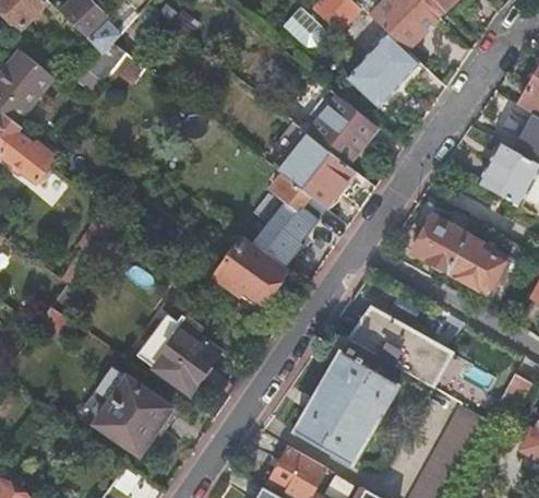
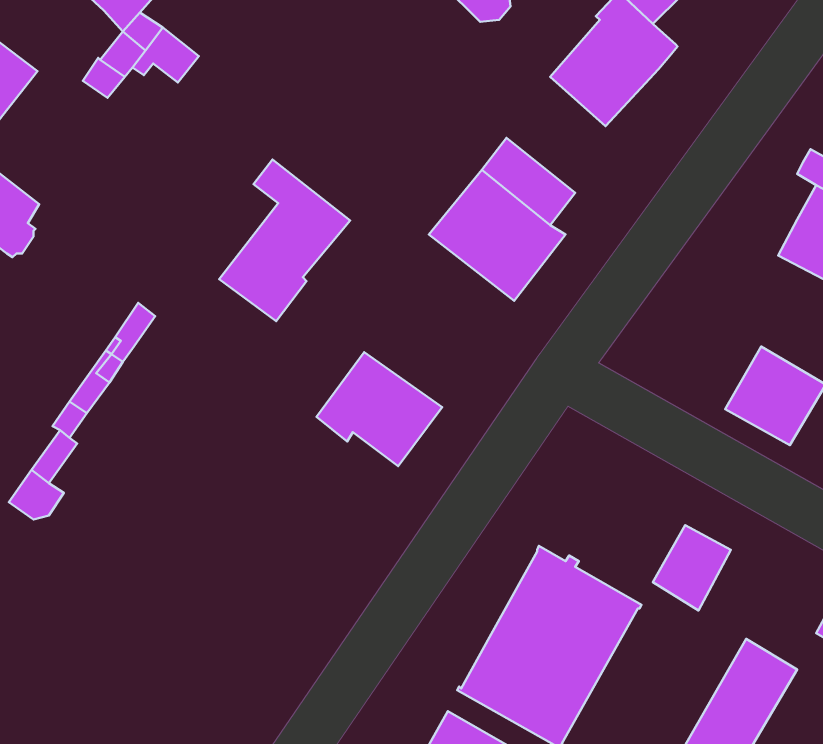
building: [323,95,378,147] -> none
building: [251,174,326,266] -> [219,160,350,321]
building: [411,215,468,272] -> none
building: [350,306,424,370] -> none
building: [152,318,218,393] -> none
building: [89,375,170,456] -> none

